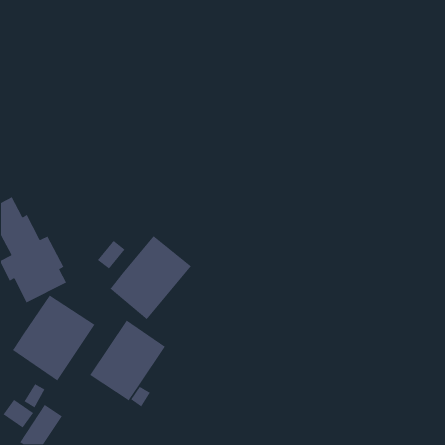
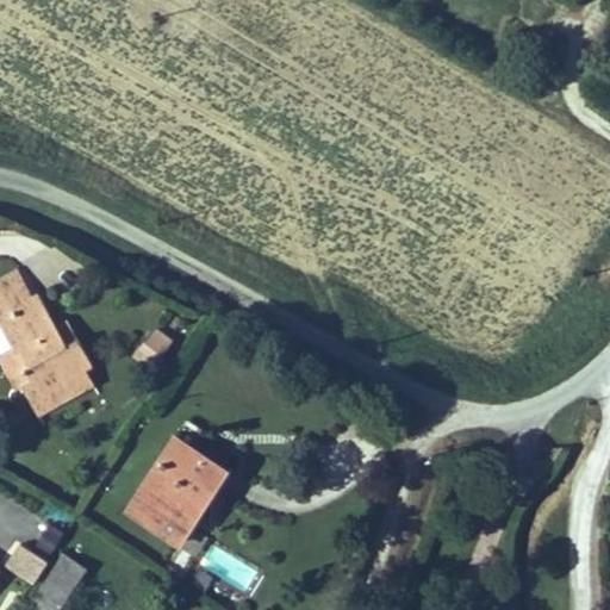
building: [109,235,192,320] -> none
building: [12,294,96,382] -> none

